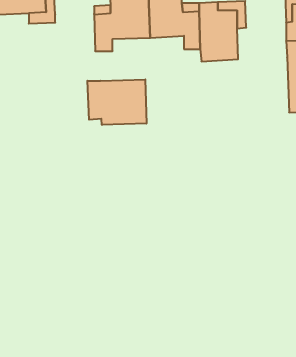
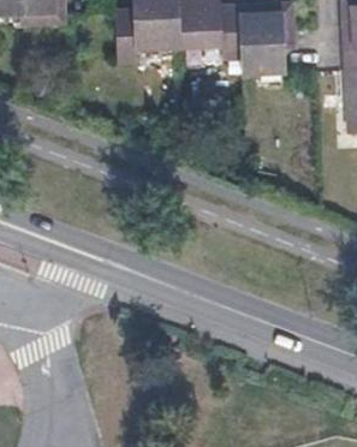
building: [87,79,146,125] -> none

